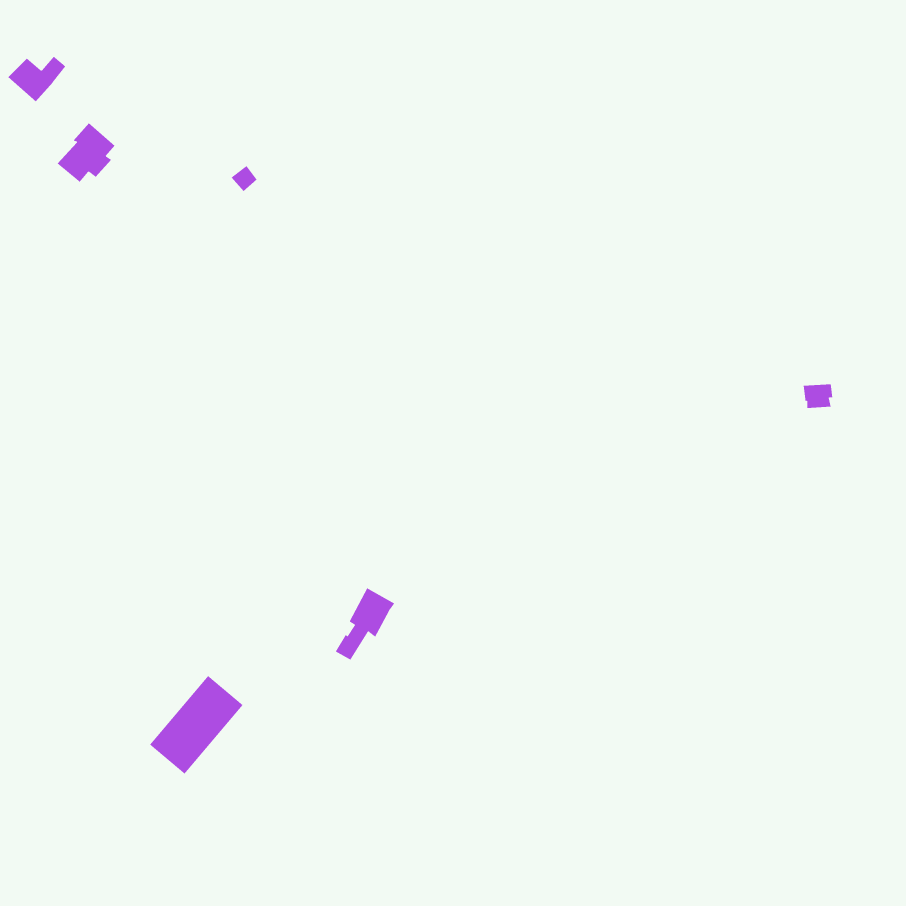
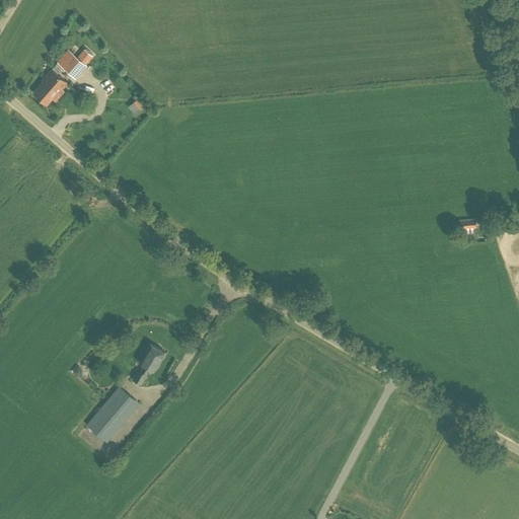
building: [7,56,66,102] -> [57,51,90,77]
building: [335,588,395,660] -> [131,344,165,385]

